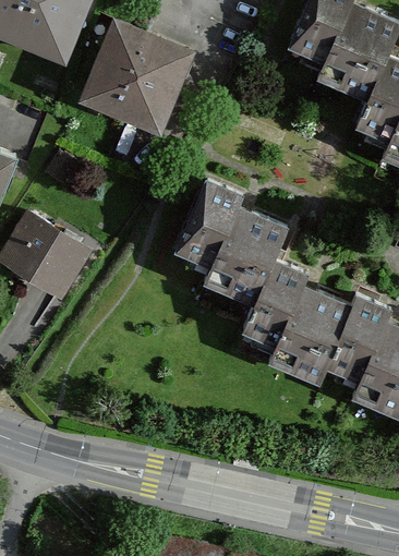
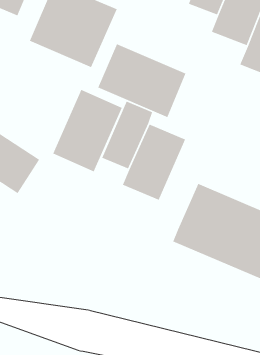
building: none -> [97,43,186,118]
building: none -> [52,89,123,173]
building: [242,257,309,348] -> none

